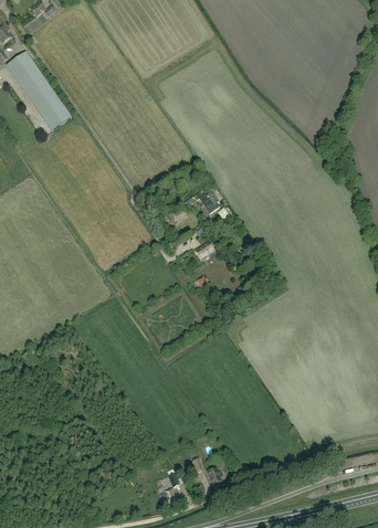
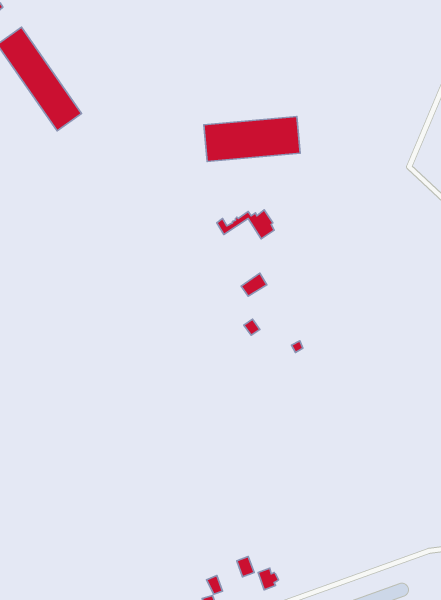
building: none -> [204,116,300,162]

